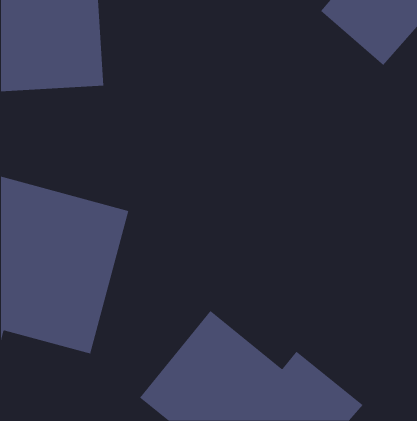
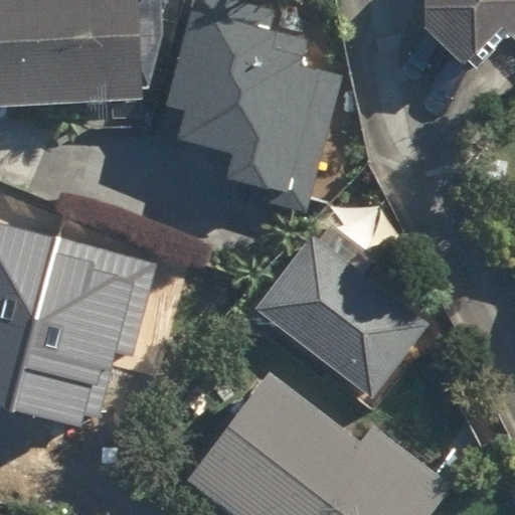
building: none -> [160,10,319,200]
building: none -> [252,220,435,401]

